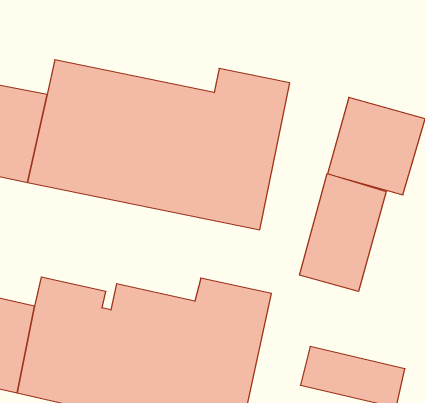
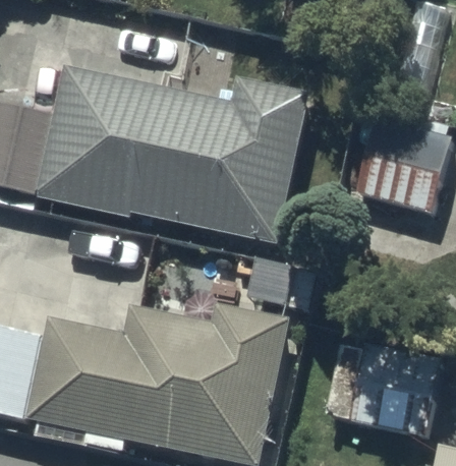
building: [300,174,386,291] -> none

